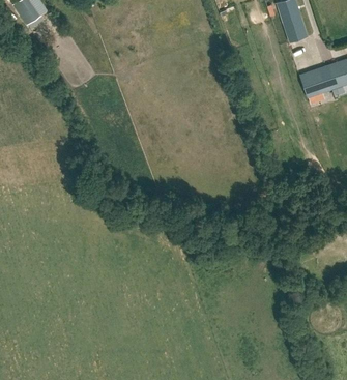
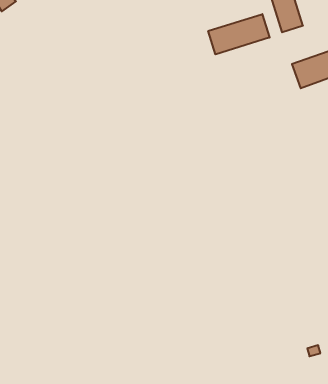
building: none -> [208,14,270,54]

